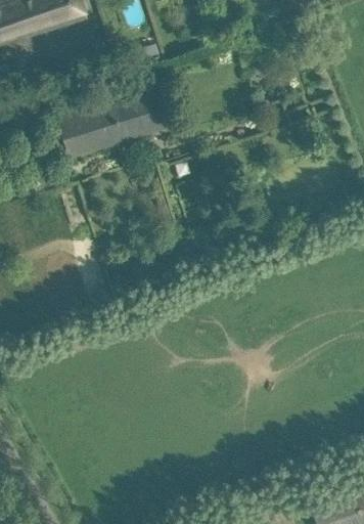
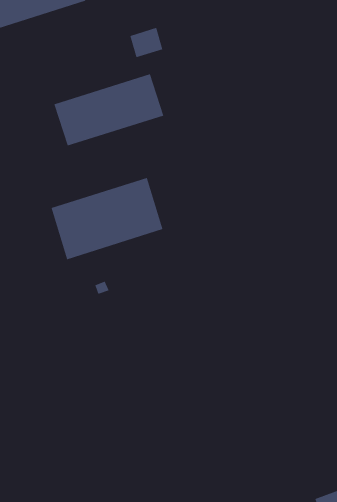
building: none -> [51,177,163,260]

